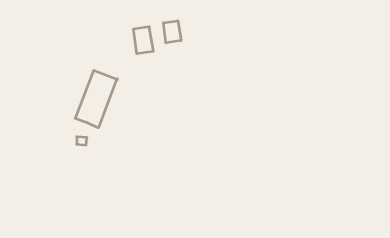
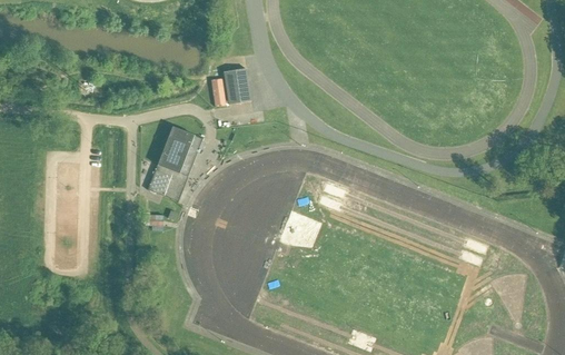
building: [163,21,181,43] -> none

